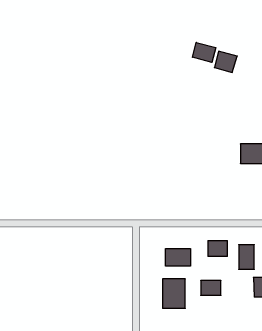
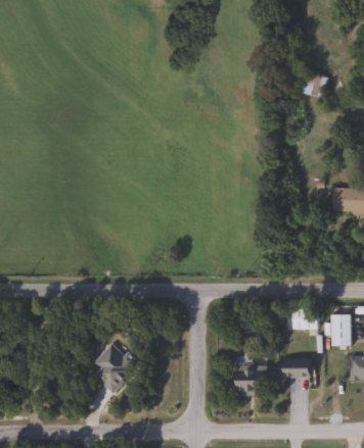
building: [192,42,216,62] -> none
building: [166,249,190,266] -> none
building: none -> [92,341,138,393]

